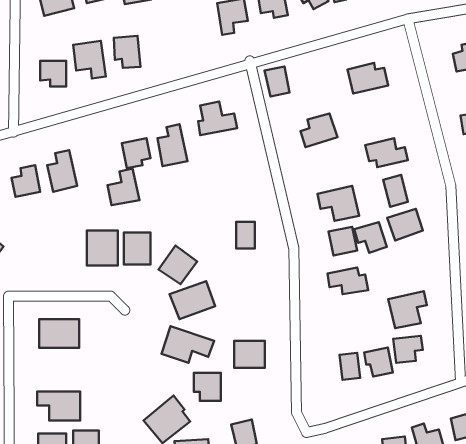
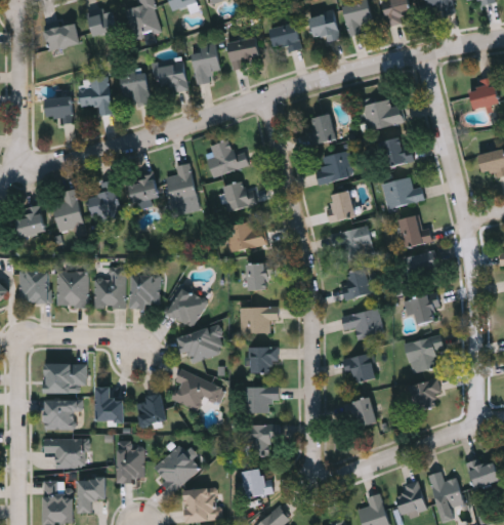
building: none -> [191,44,218,85]
building: none -> [157,62,186,92]
building: [265,67,289,96] -> [310,114,336,145]
building: none -> [378,136,413,169]
building: none -> [224,183,255,210]
building: none -> [327,191,355,223]
building: [108,168,139,205] -> [87,180,120,218]
building: none -> [226,223,265,251]
building: [354,222,387,253] -> [403,294,436,326]
building: none -> [19,271,49,302]
building: none -> [56,273,87,307]
building: none -> [239,307,279,334]
building: none -> [247,347,276,372]
building: none -> [97,388,123,421]
building: [364,348,393,376] -> [345,354,375,383]
building: none -> [135,394,166,428]
building: none -> [44,400,80,431]
building: [194,373,221,401] -> [242,427,269,455]
building: none -> [118,442,143,481]

